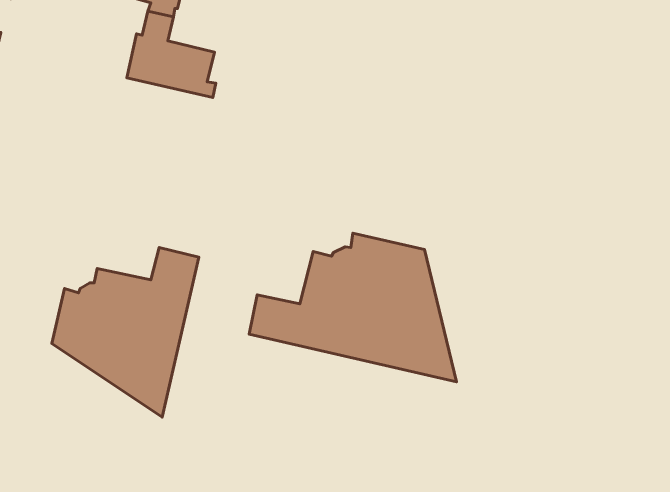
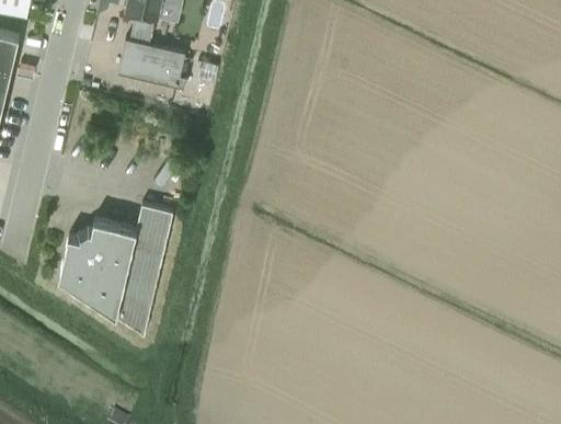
building: [249,233,457,382] -> none

